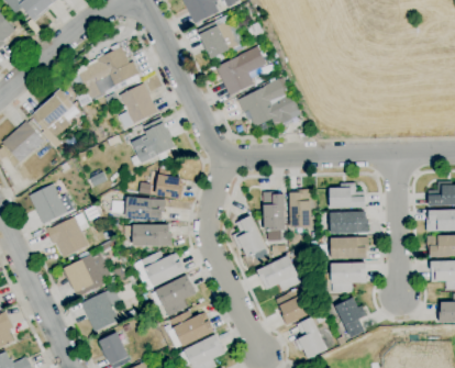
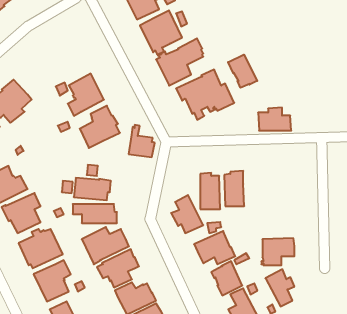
building: [70,46,138,99] -> none
building: none -> [228,55,257,88]
building: [155,164,184,199] -> [129,125,155,157]
building: [329,182,365,208] -> [258,108,291,131]
building: [330,212,368,233] -> none
building: [330,237,368,258] -> none

